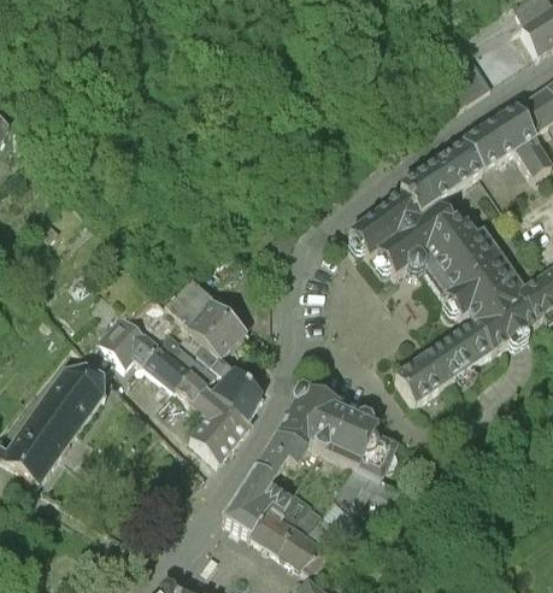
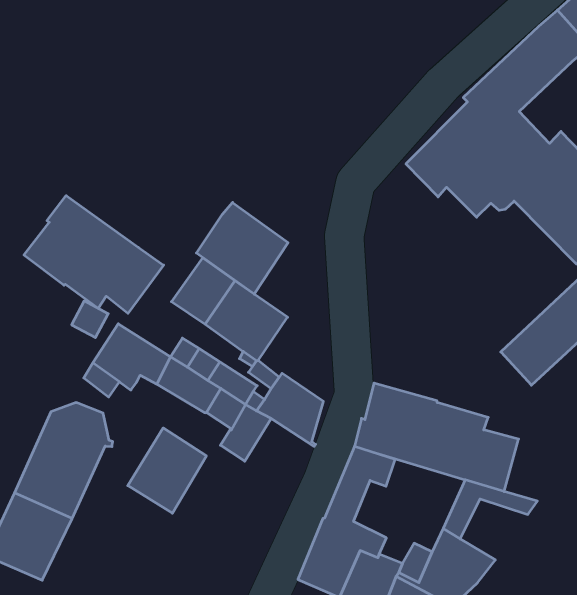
building: none -> [24,196,164,313]
building: none -> [196,202,288,294]
building: [192,393,252,456] -> [128,428,206,513]

